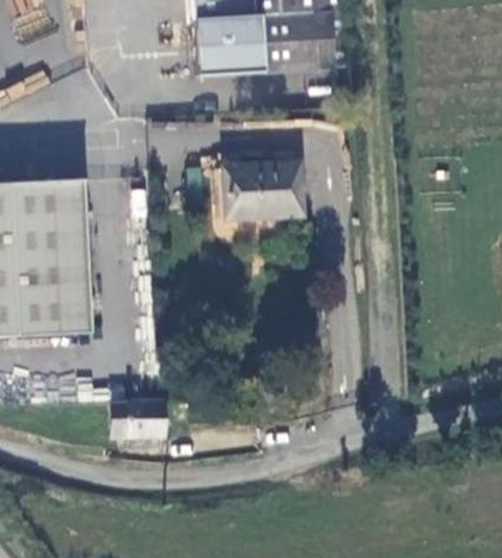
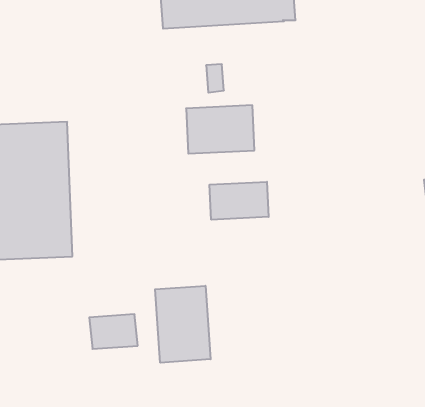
building: none -> [210,182,269,220]
building: none -> [155,286,211,363]

